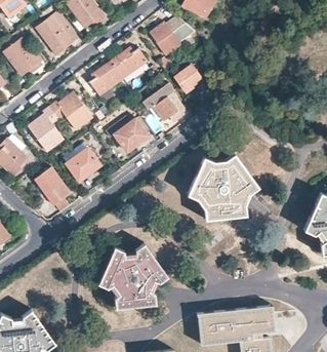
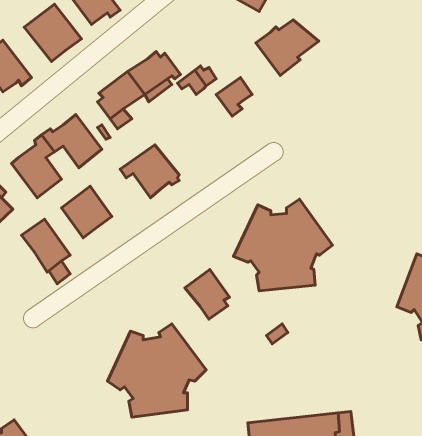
building: [150,15,195,55] -> [256,20,319,76]
building: [142,83,188,121] -> none
building: none -> [185,270,229,319]

